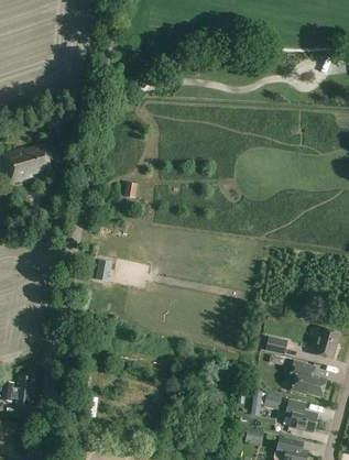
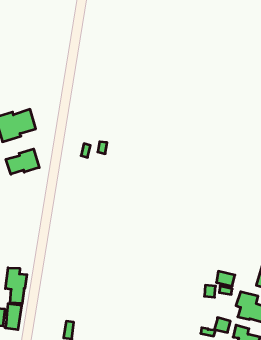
building: none -> [6,149,39,174]
building: none -> [5,268,27,304]

